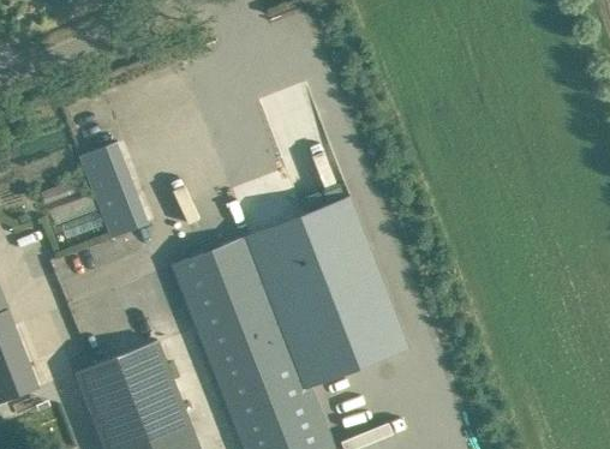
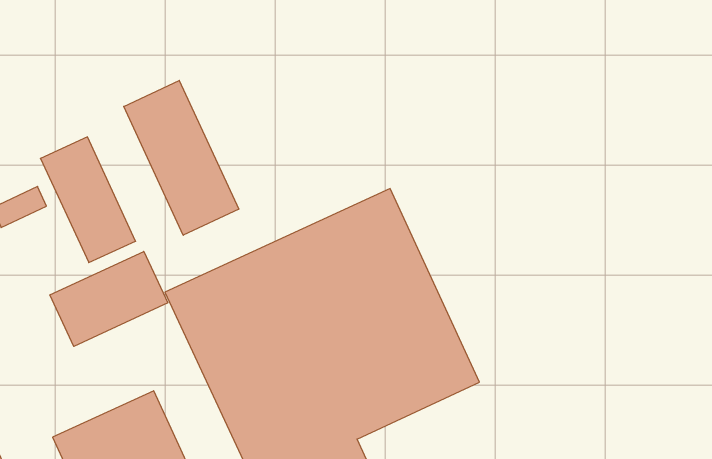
building: none -> [124,80,239,235]
building: none -> [50,251,168,346]

